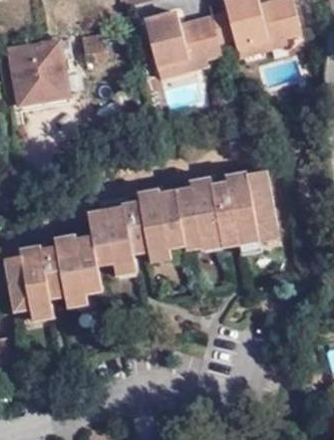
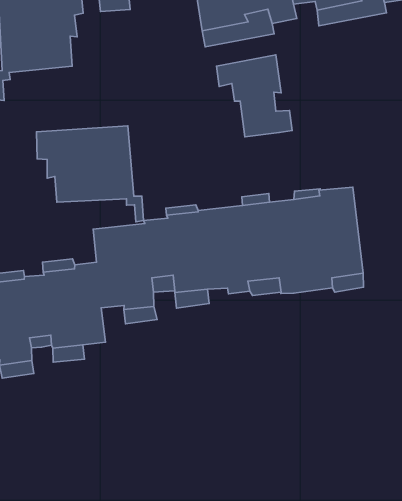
building: none -> [216,55,292,137]
building: none -> [36,126,144,222]

